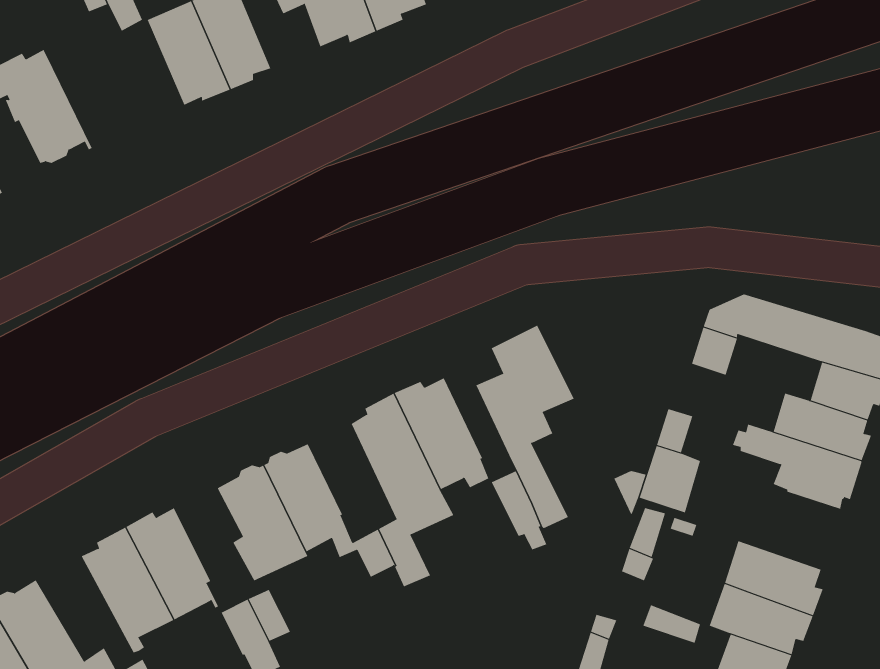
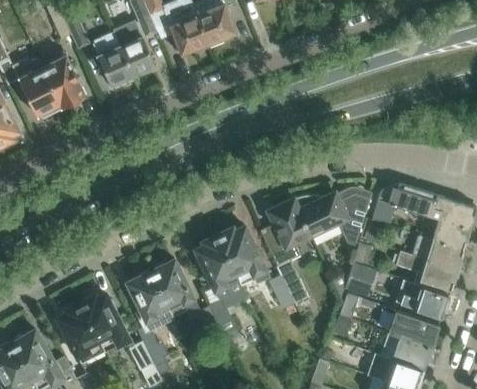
building: none -> [42,49,86,108]
building: none -> [292,187,371,244]
building: none -> [395,279,450,317]

